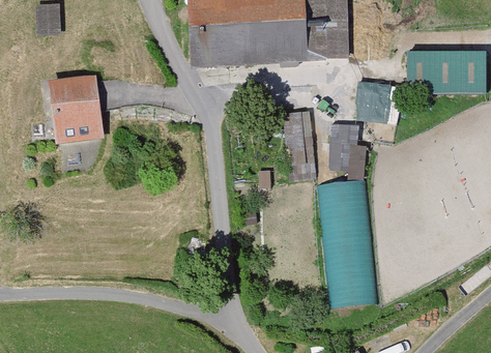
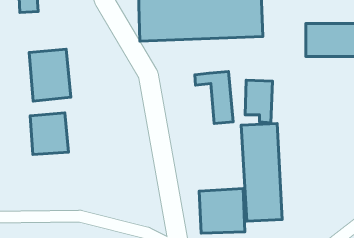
building: [356,76,388,116] -> none
building: none -> [30,113,68,155]
building: none -> [199,189,245,233]

